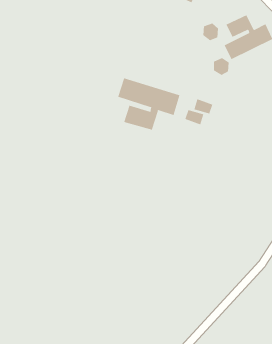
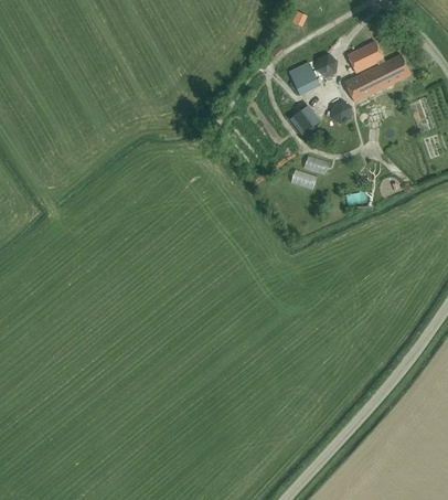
building: none -> [289,62,320,94]
building: none -> [289,104,320,134]
building: [117,77,180,131] -> none

